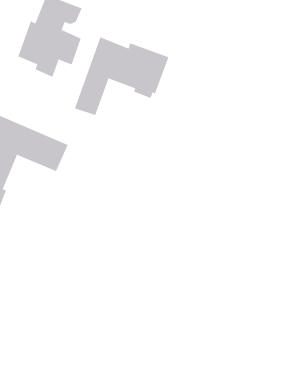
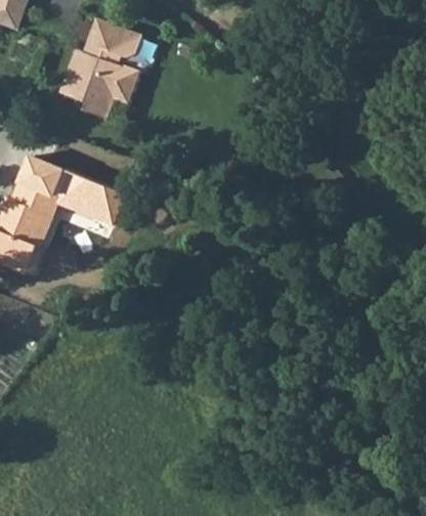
building: [74,36,169,116] -> none

